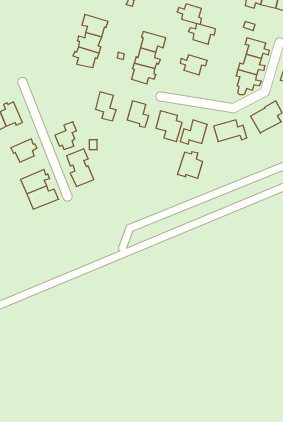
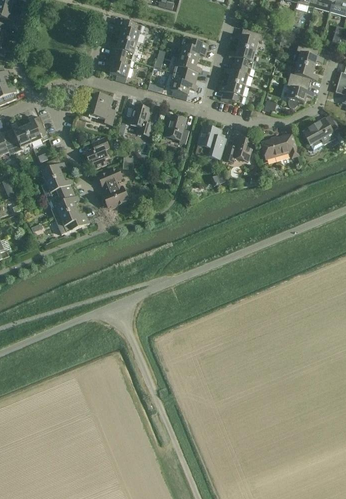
building: [177,4,201,25] -> [228,46,255,69]
building: none -> [219,80,246,104]
building: none -> [91,92,115,124]
building: [178,152,202,178] -> none
building: none -> [41,175,73,201]

